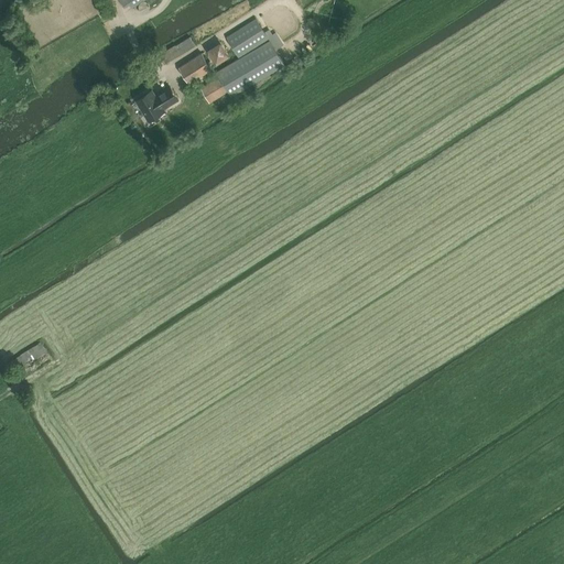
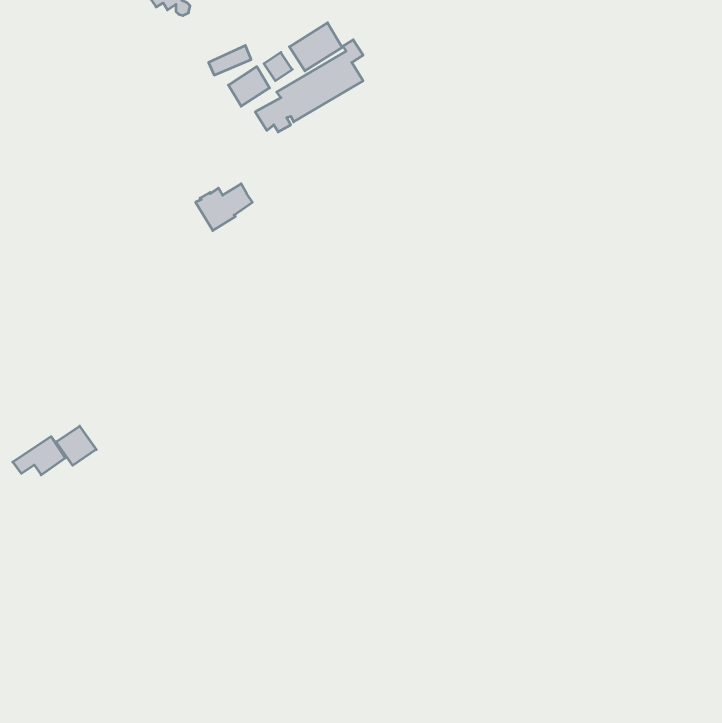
building: [133,84,177,120] -> [196,184,252,231]
building: none -> [56,426,96,465]

